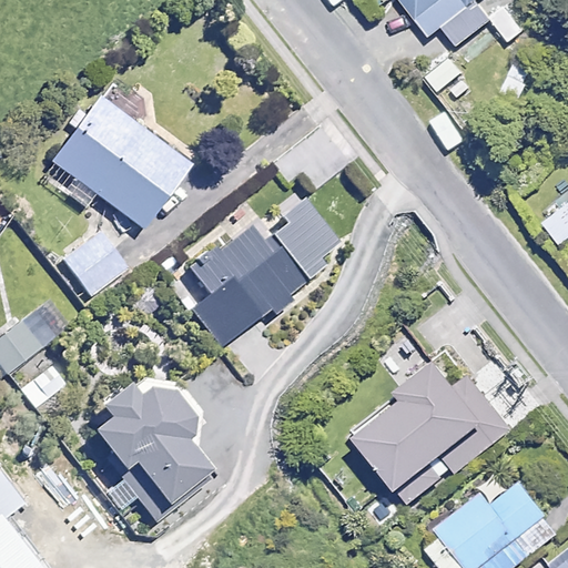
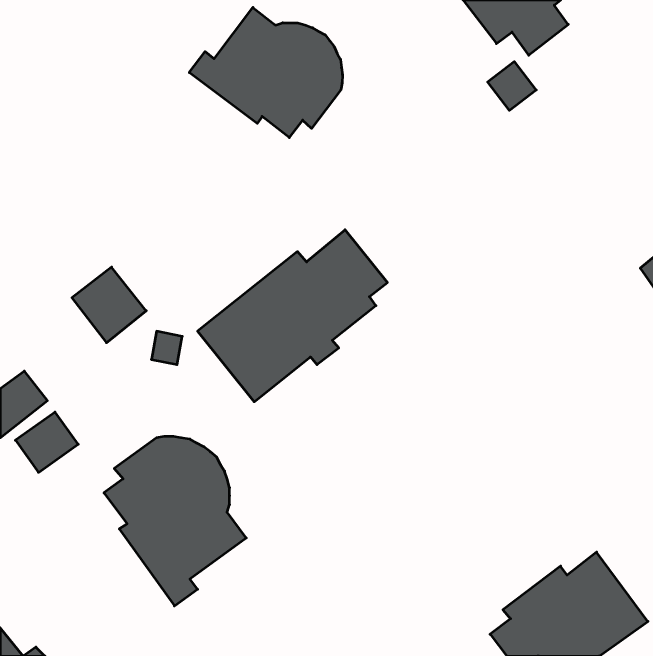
building: none -> [189,7,342,138]
building: [42,95,192,229] -> none
building: [345,358,515,514] -> none

